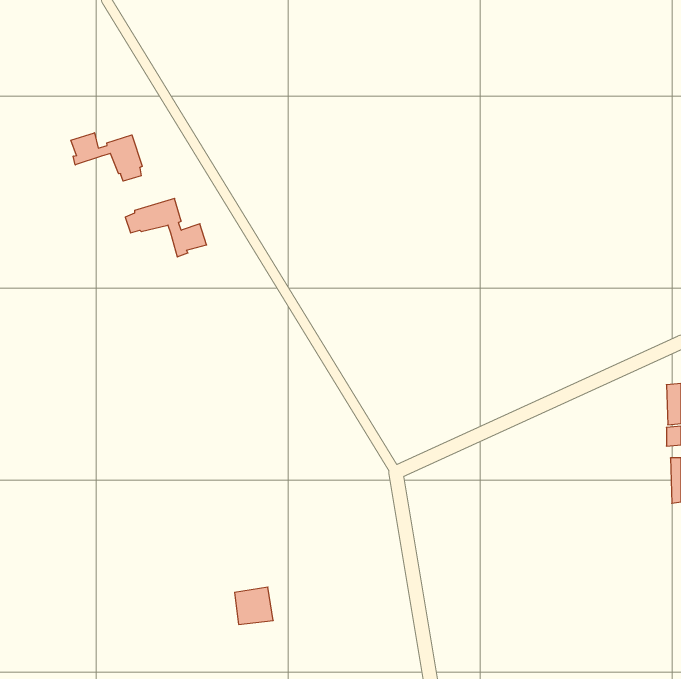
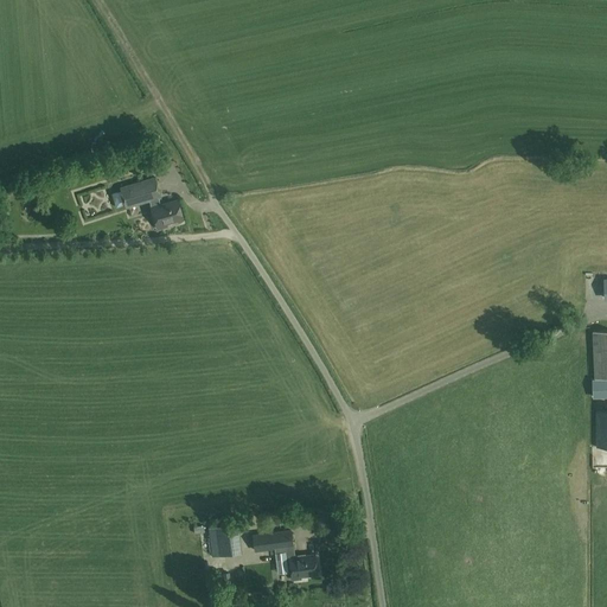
building: [71,133,142,181] -> none
building: none -> [253,530,317,581]

